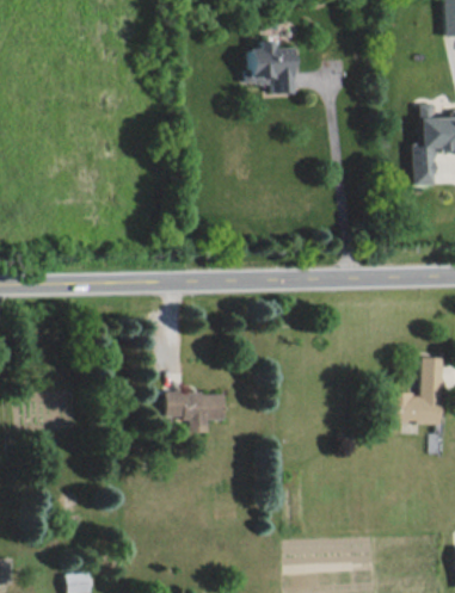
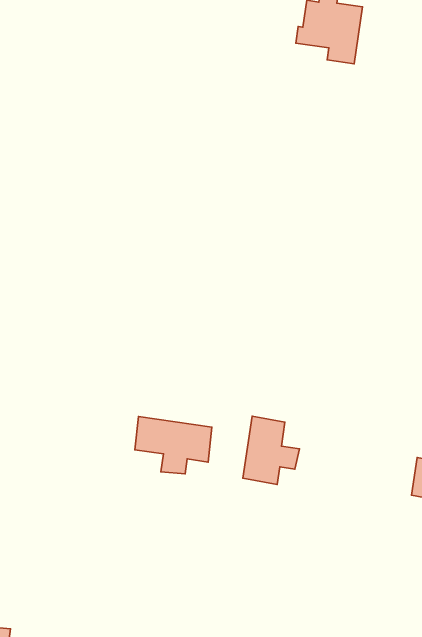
building: none -> [243,416,299,485]

